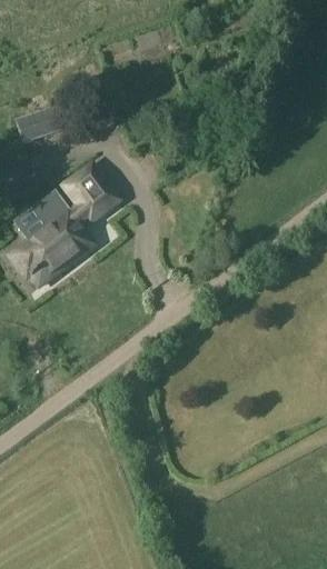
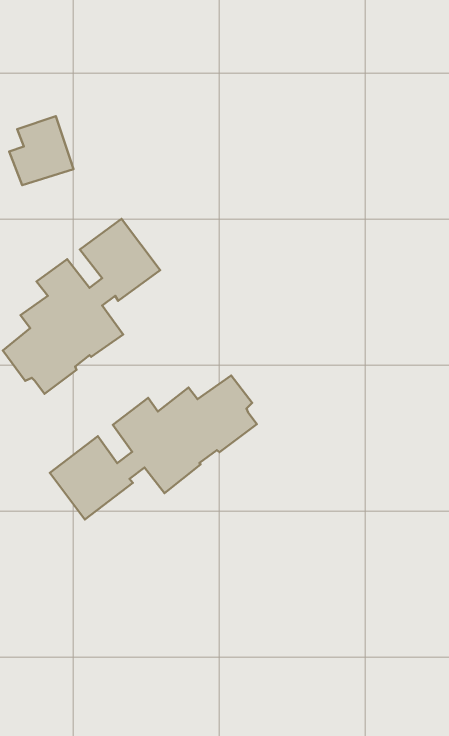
building: none -> [50,375,257,520]

